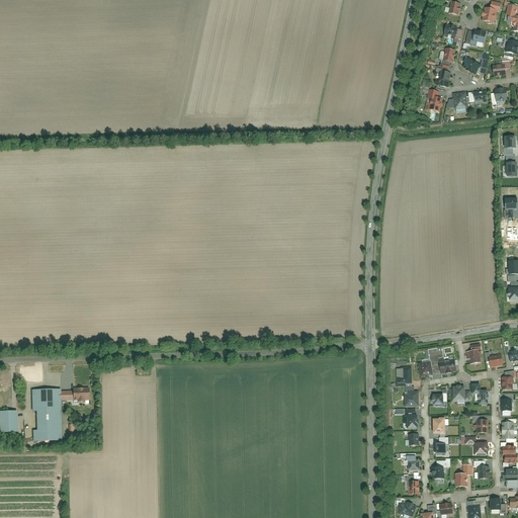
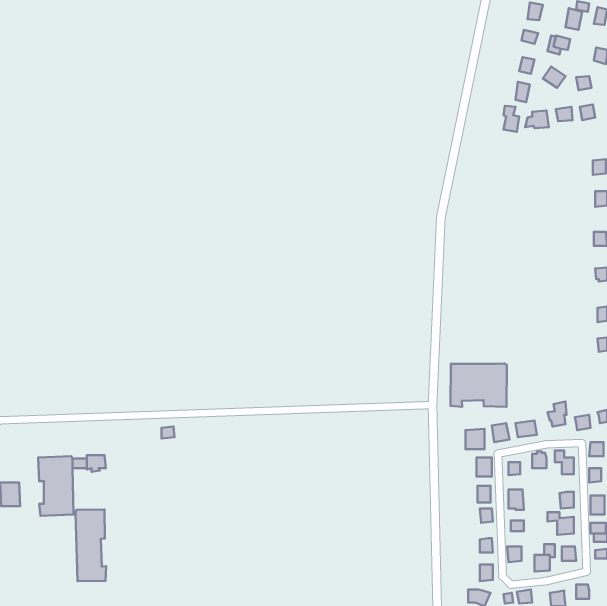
building: none -> [451,363,507,407]
building: none -> [75,509,106,581]

